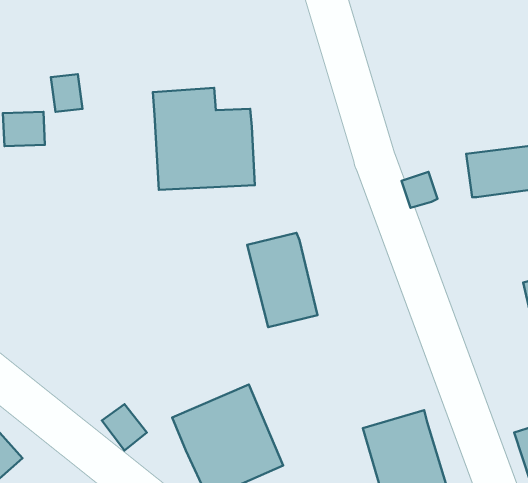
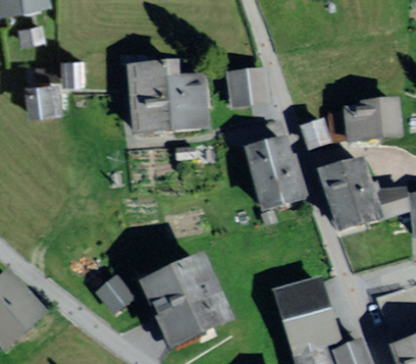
building: none -> [229,68,266,103]
building: [247,233,318,327] -> [250,142,298,206]
building: none -> [325,164,377,229]

